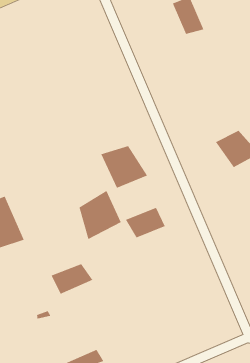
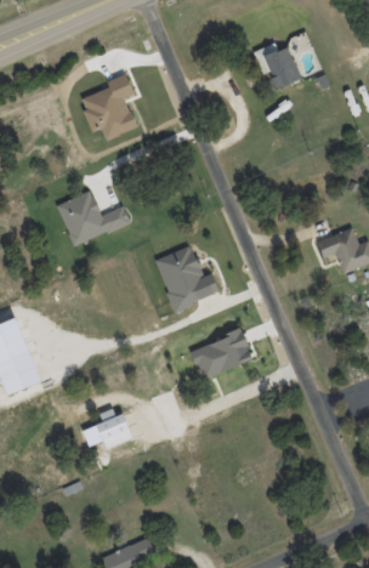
building: none -> [76,75,142,138]
building: none -> [57,198,131,245]
building: [79,190,122,240] -> none

